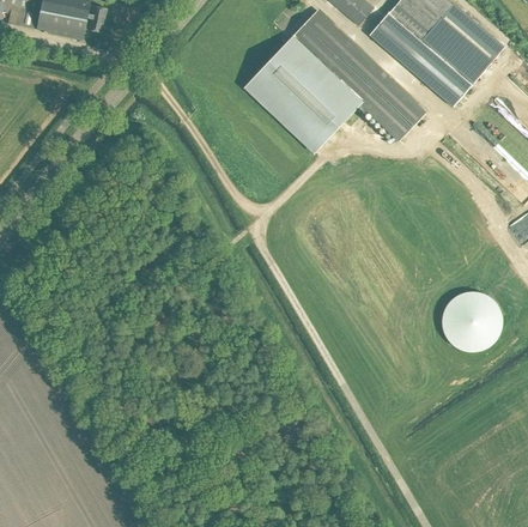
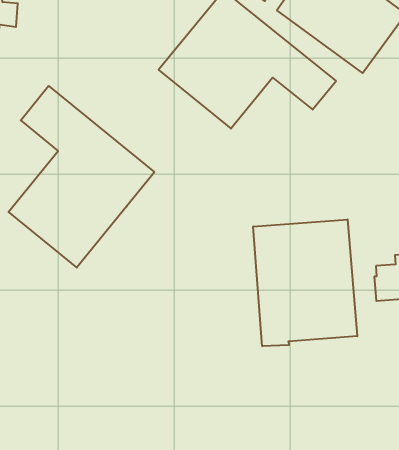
building: none -> [9,86,154,268]
building: none -> [253,219,357,346]

